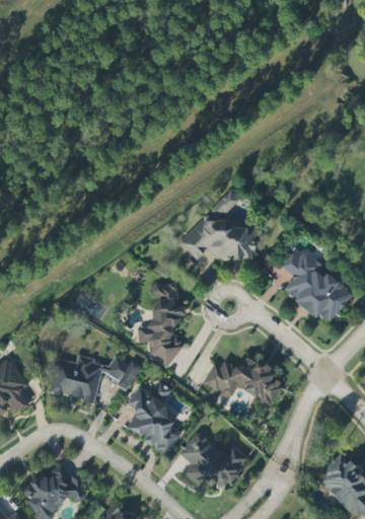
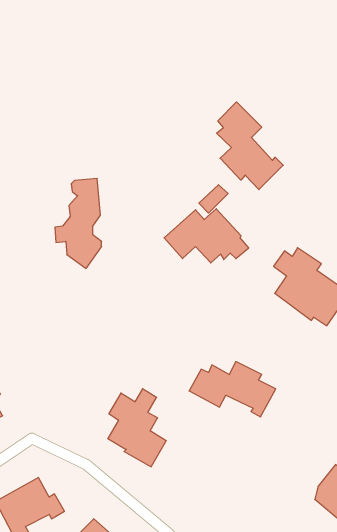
building: none -> [217,102,283,190]
building: [138,283,181,367] -> [55,178,102,268]
building: [51,355,141,403] -> none
building: [179,431,248,491] -> none

